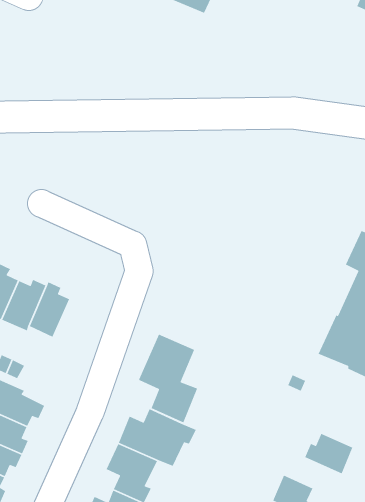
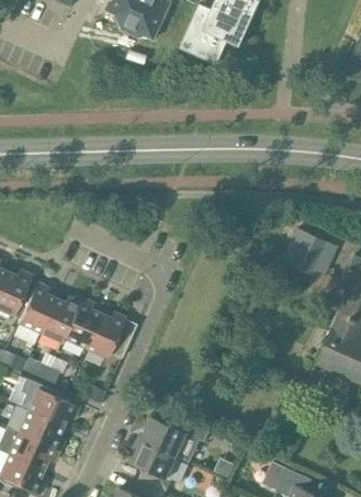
building: none -> [281,227,338,275]
building: none -> [84,312,136,358]
building: [138,333,198,423] -> none
building: [304,433,354,475] -> none

